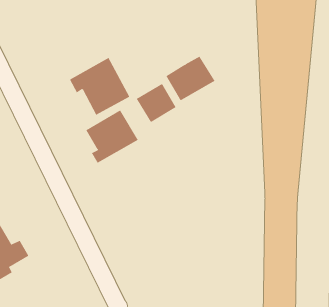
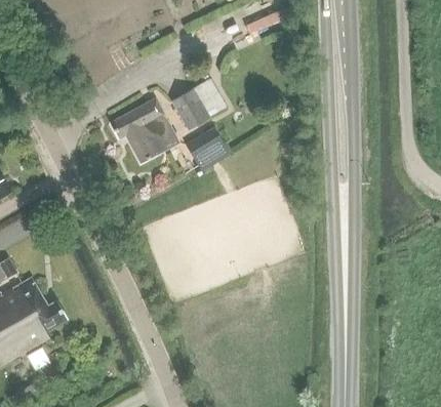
building: [165,56,215,101] -> [170,79,226,129]
building: [85,109,138,164] -> none

